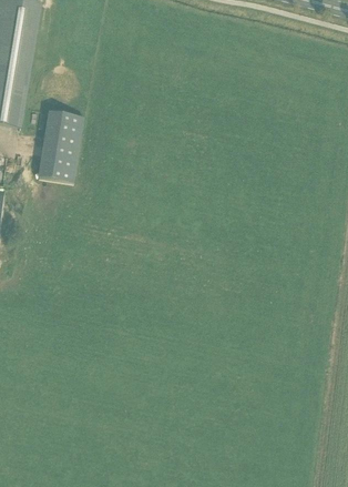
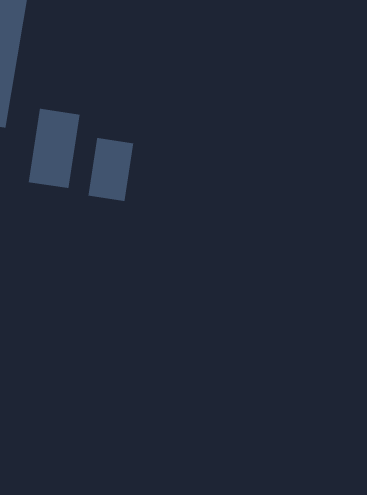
building: none -> [88,137,134,202]

